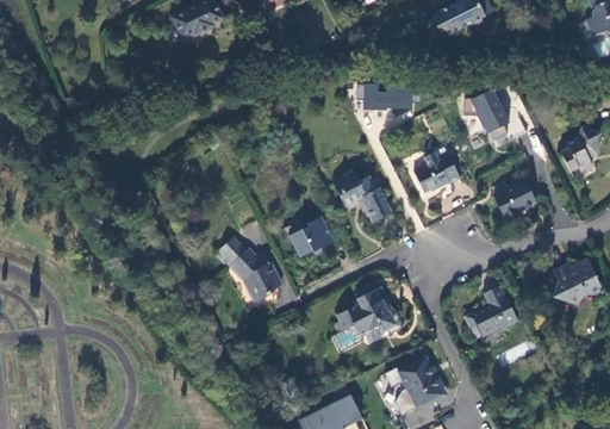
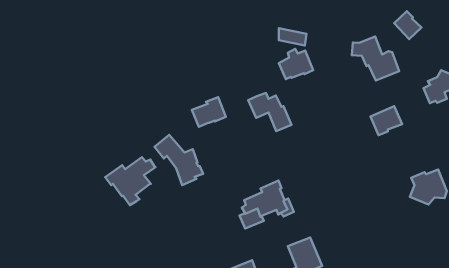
building: none -> [394,11,421,39]
building: [413,153,459,193] -> [279,49,313,79]
building: [288,217,334,257] -> [192,97,226,127]
building: none -> [105,157,155,205]
building: [463,286,518,336] -> none

